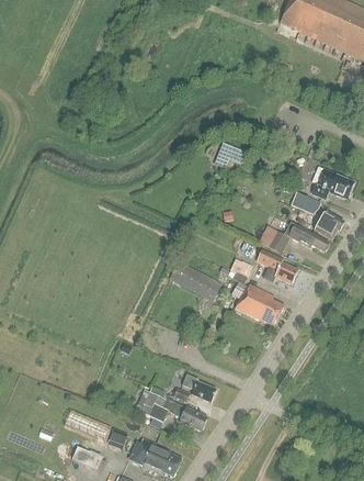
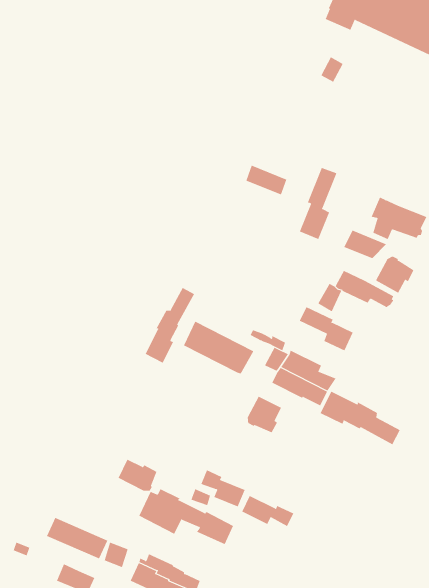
building: none -> [299,167,337,240]
building: none -> [145,287,195,363]
building: none -> [320,391,401,445]
building: none -> [247,396,282,433]
building: none -> [118,459,157,491]
building: none -> [241,495,294,527]

